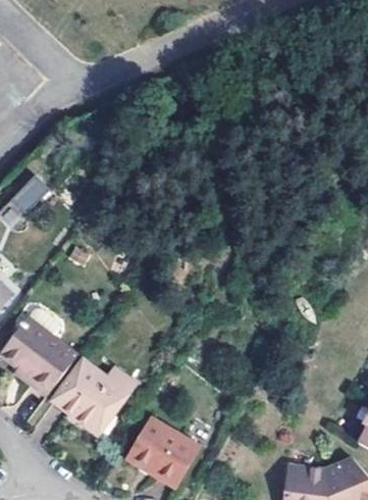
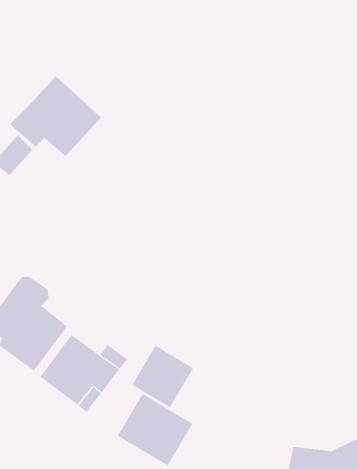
building: none -> [9,76,102,157]
building: none -> [131,345,194,408]

